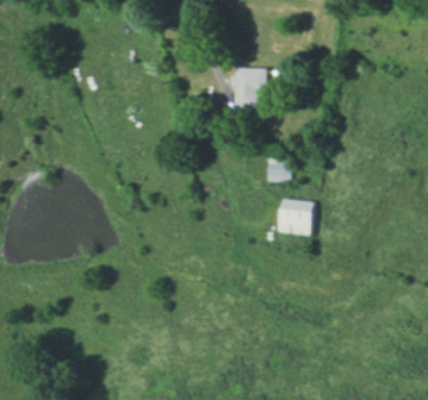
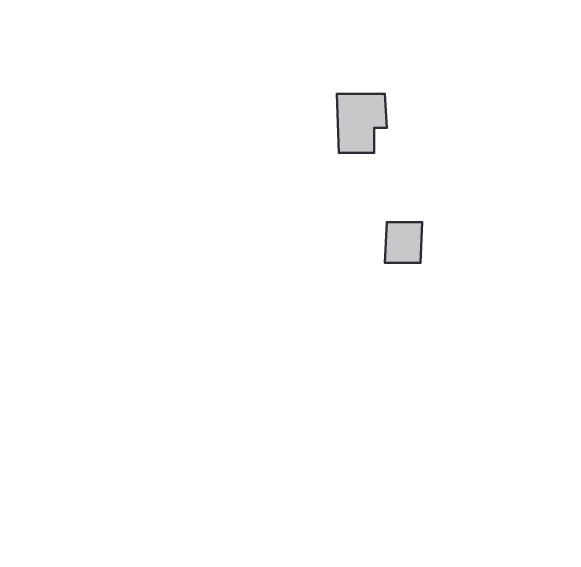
building: [278,199,314,236] -> none

